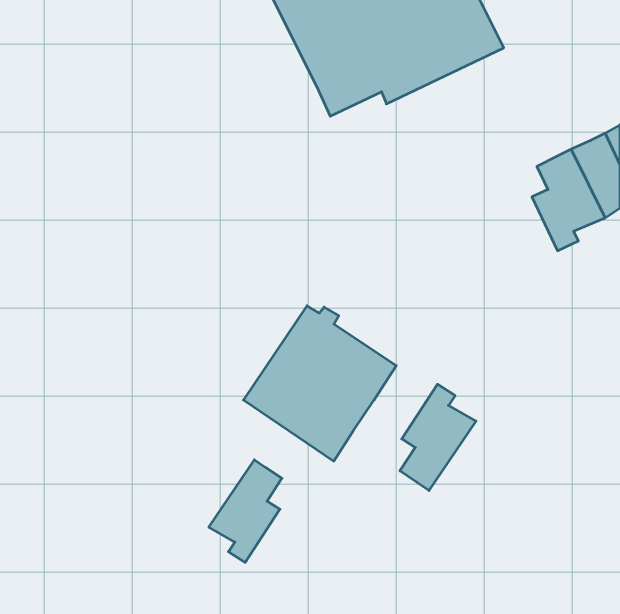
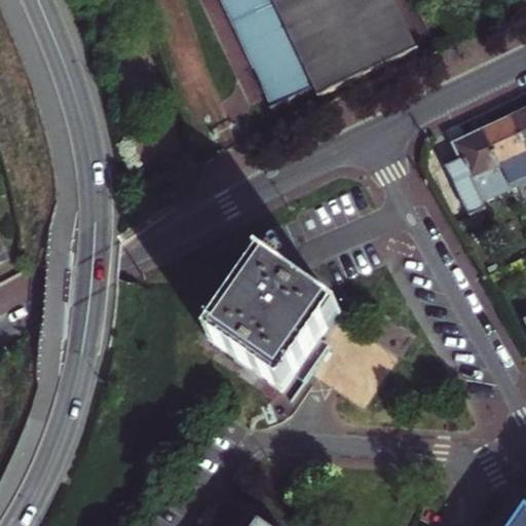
building: [400,384,476,491] -> none
building: [209,460,282,562] -> none

